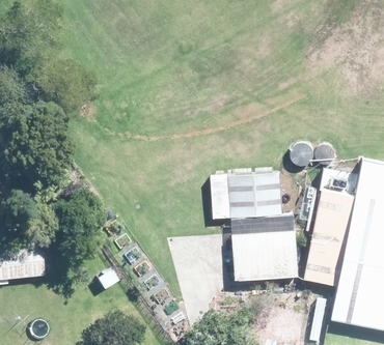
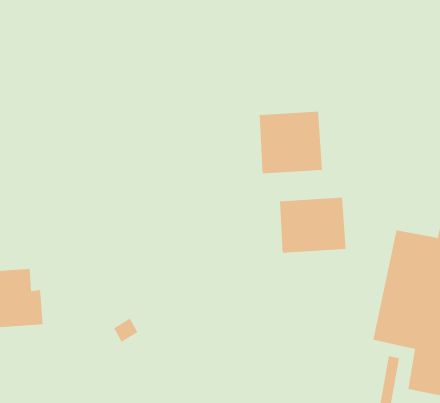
building: none -> [259,111,322,174]
building: [231,231,296,280] -> none

